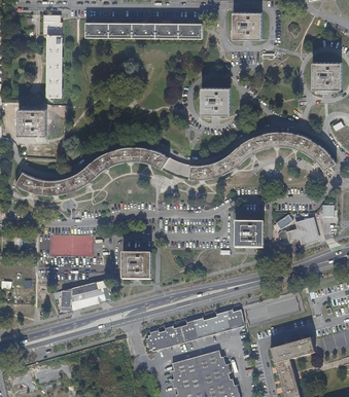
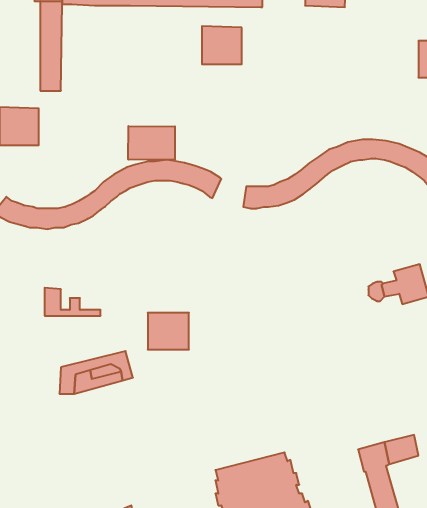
building: [201,86,229,113] -> [202,26,242,64]
building: none -> [128,126,175,160]
building: [234,220,263,247] -> none
building: [144,310,242,352] -> none

